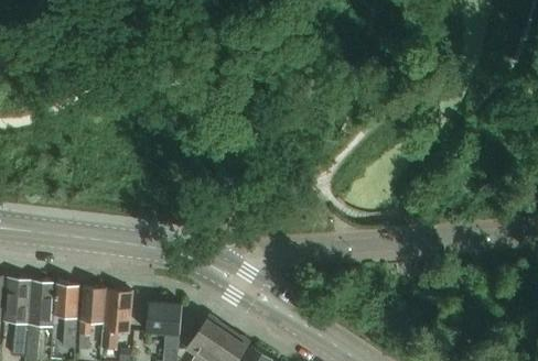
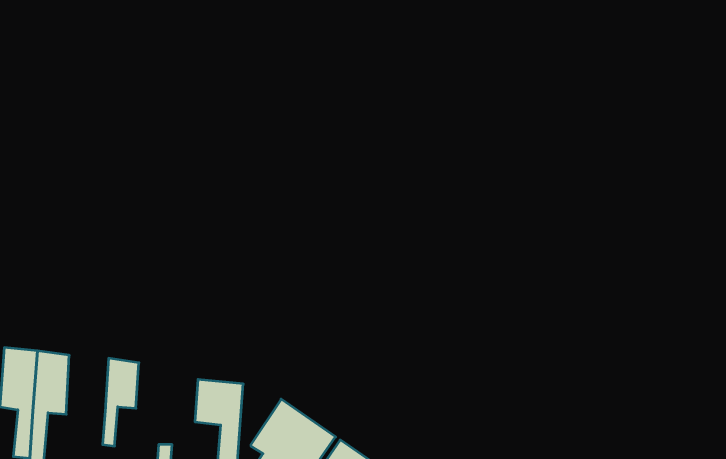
building: [53,284,78,348] -> none
building: [100,289,131,350] -> none

